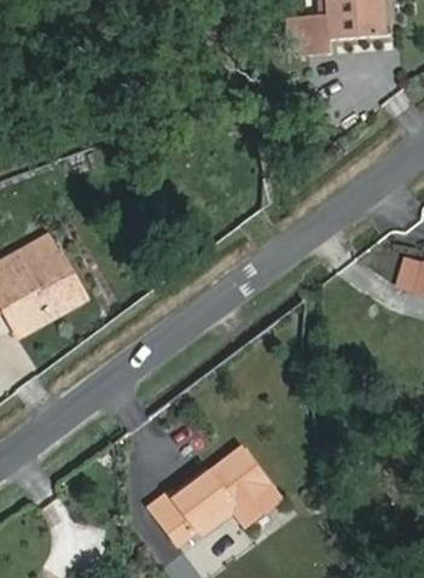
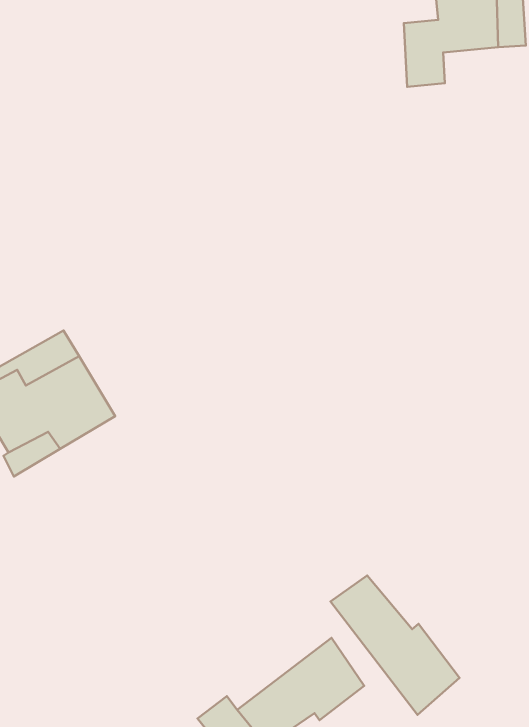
building: none -> [331,576,460,715]

